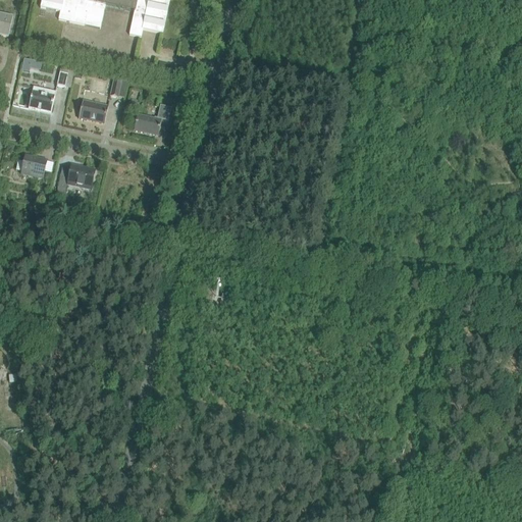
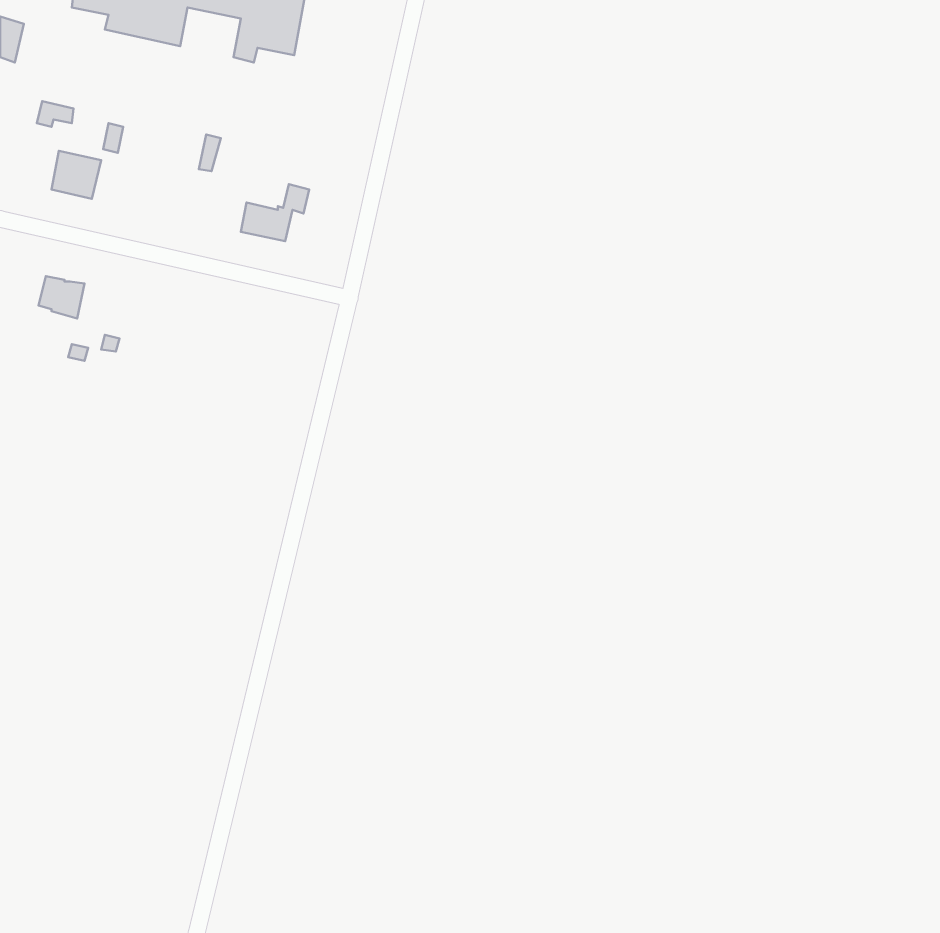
building: [79,98,108,121] -> none
building: [67,163,95,187] -> none

